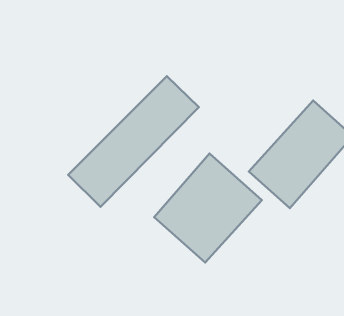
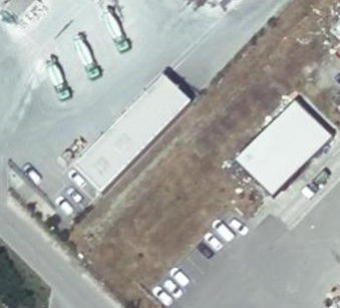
building: [154,154,262,262] -> none

